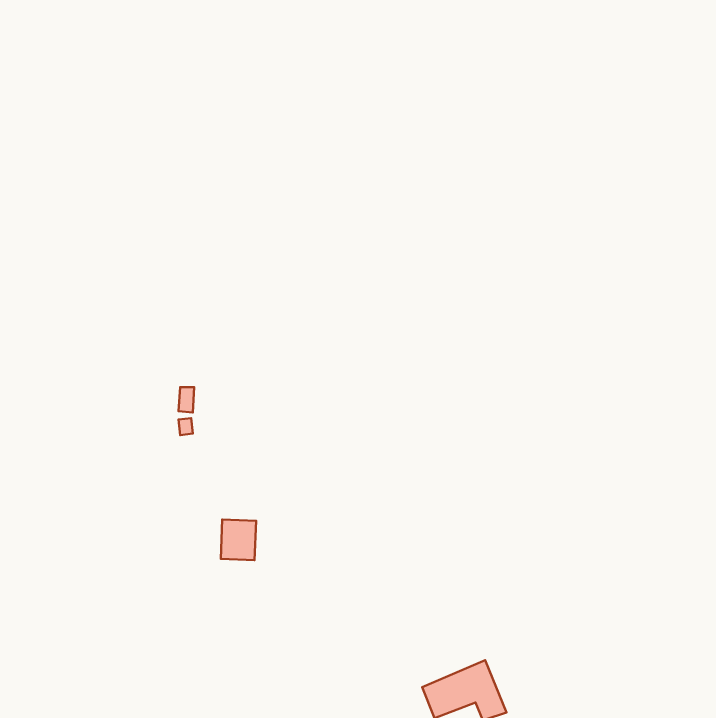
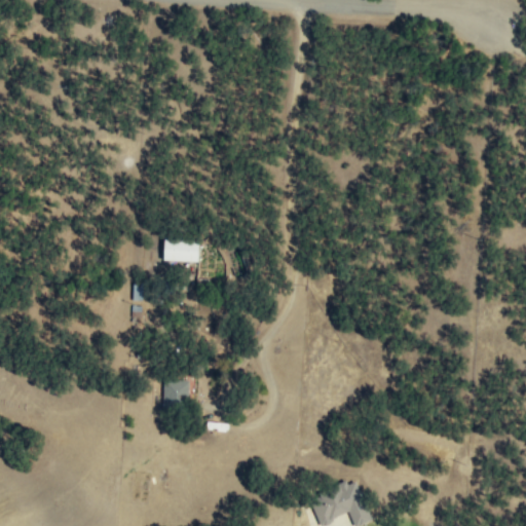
building: none -> [162,241,198,262]

